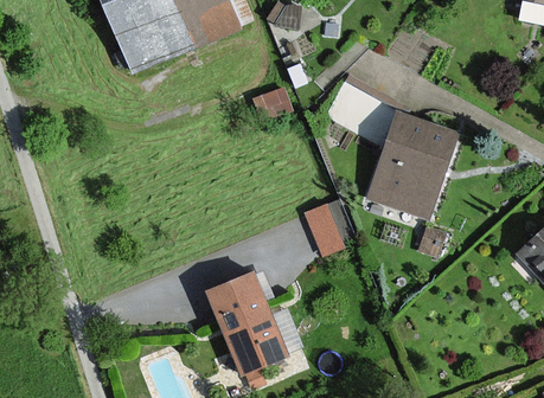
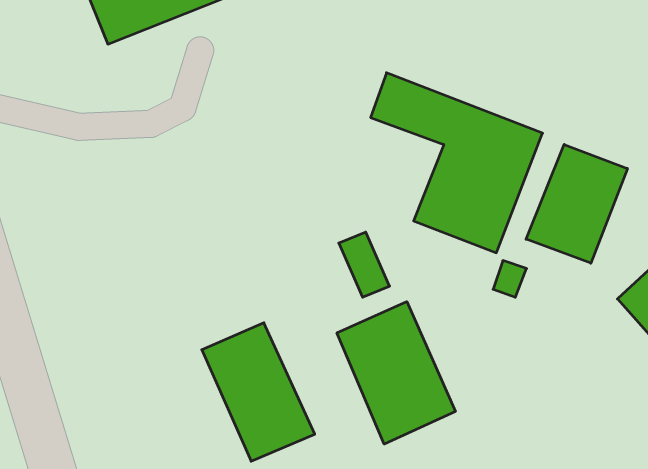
building: none -> [526,144,627,263]
building: none -> [337,302,455,444]

